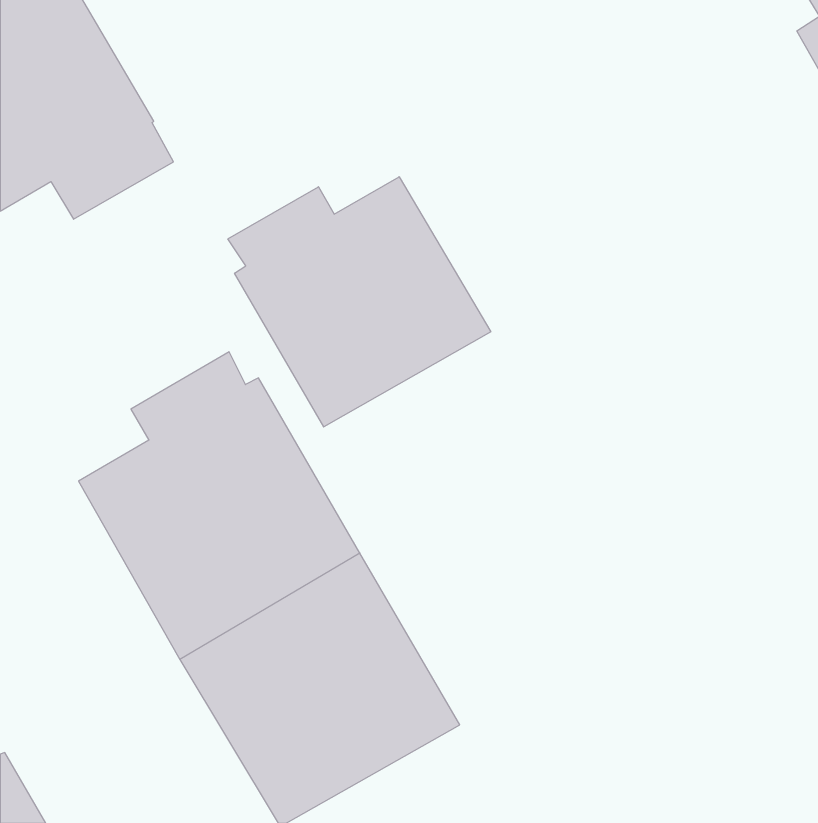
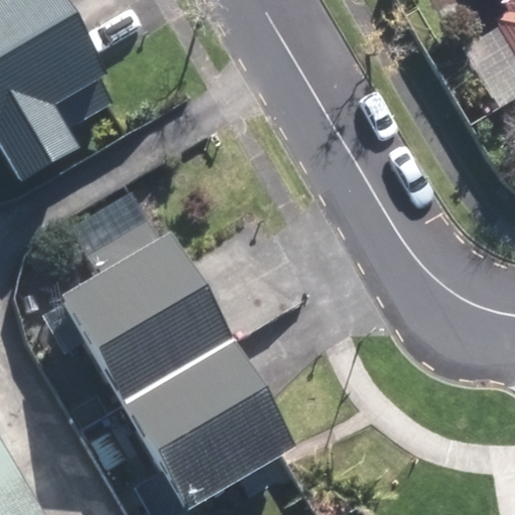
building: [228,177,491,427] -> none

